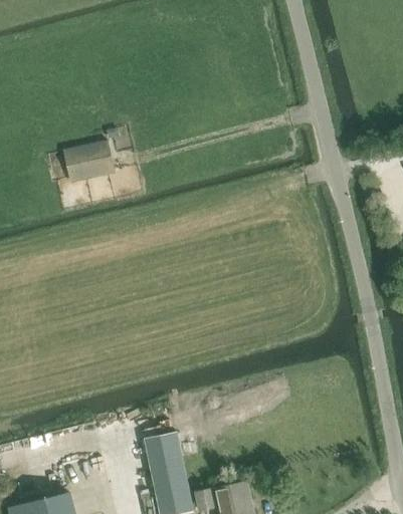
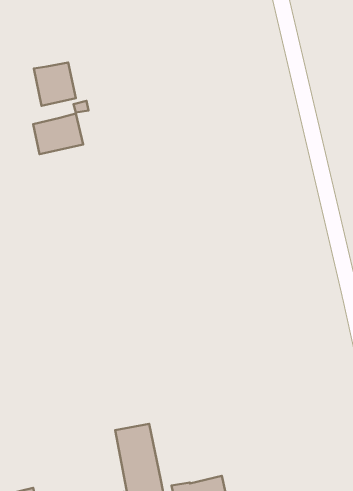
building: none -> [34,63,76,106]

